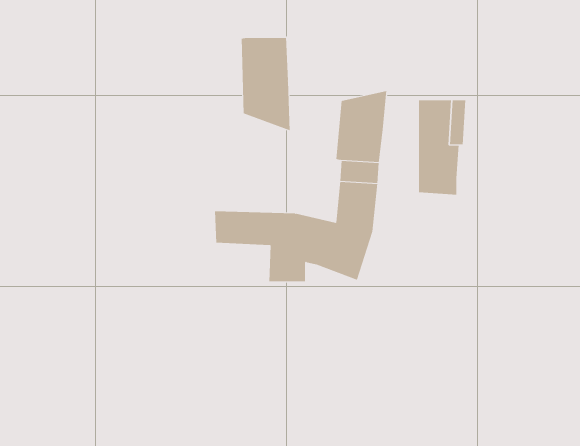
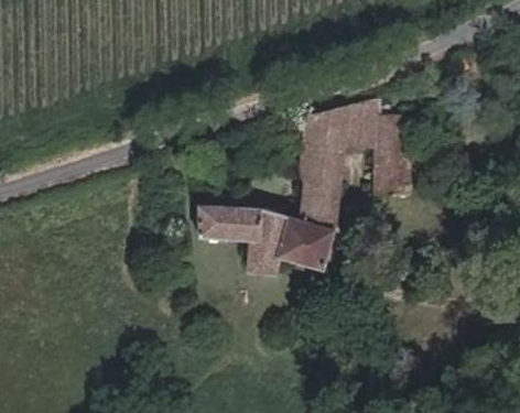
building: [241,37,290,131] -> none
building: none -> [344,100,380,141]

